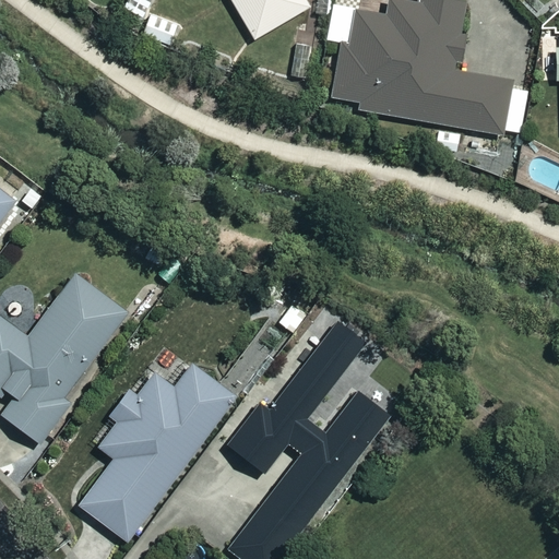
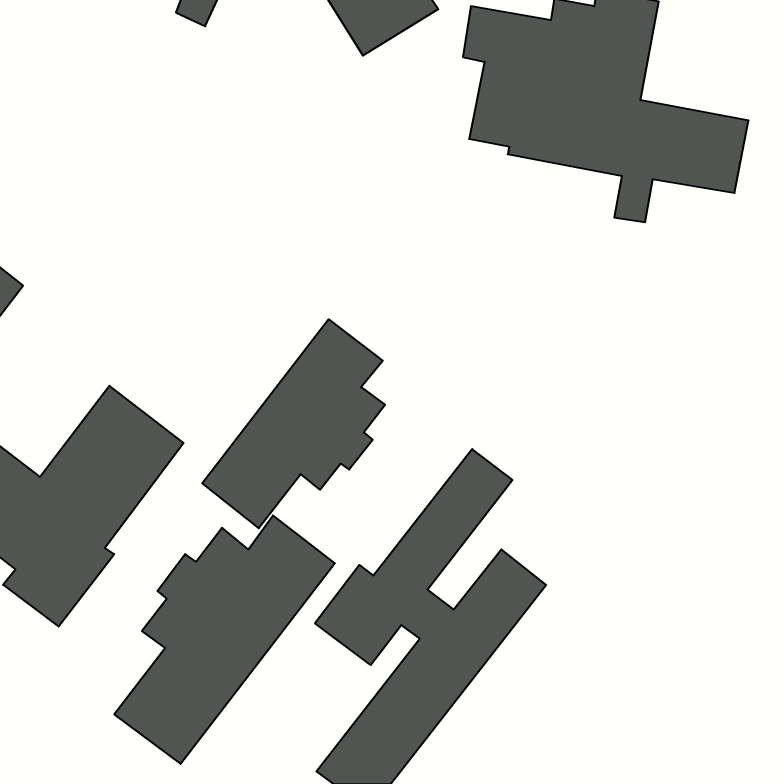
building: none -> [202,319,385,528]

